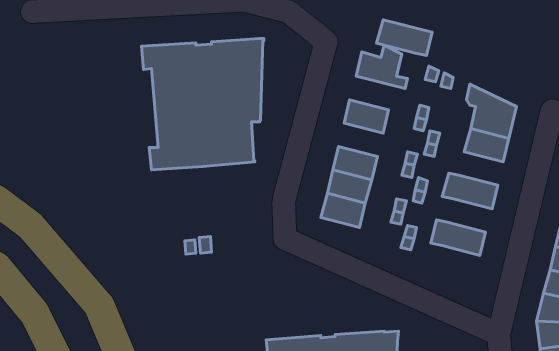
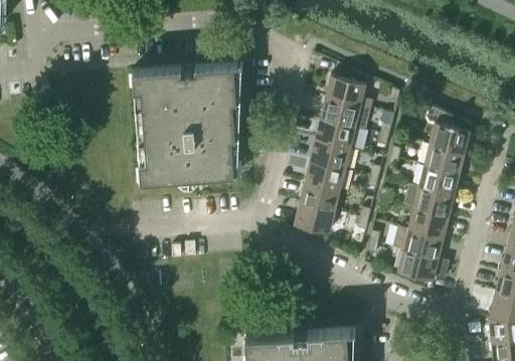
building: [376,20,432,55] -> [320,100,370,132]
building: none -> [310,142,350,172]
building: none -> [418,168,459,198]
building: none -> [408,210,449,240]
building: none -> [397,252,450,284]

